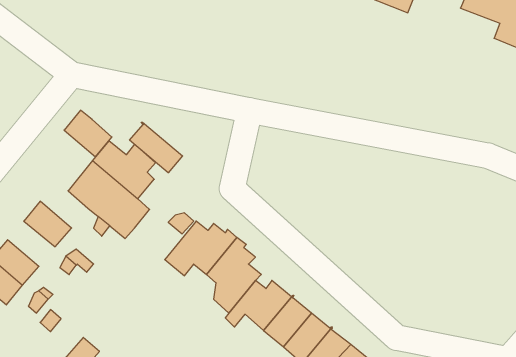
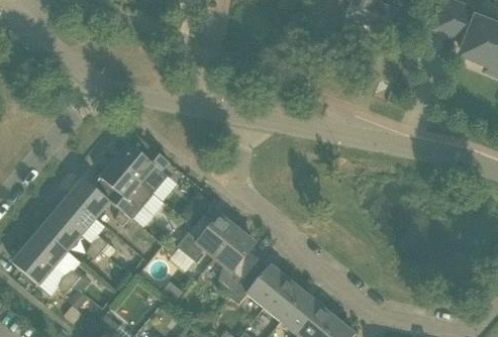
building: [64,110,112,157] -> [68,178,109,218]
building: [130,122,183,173] -> none
building: none -> [39,212,81,251]

